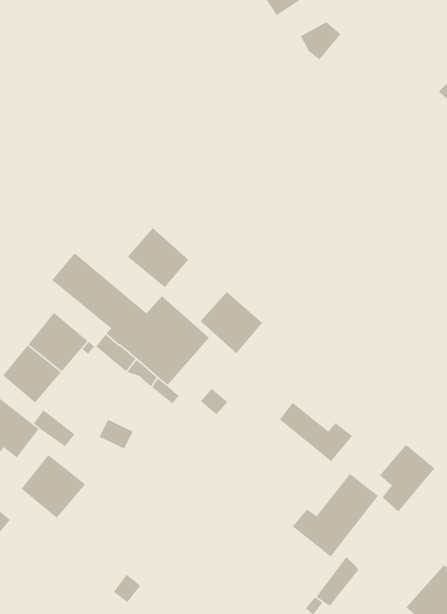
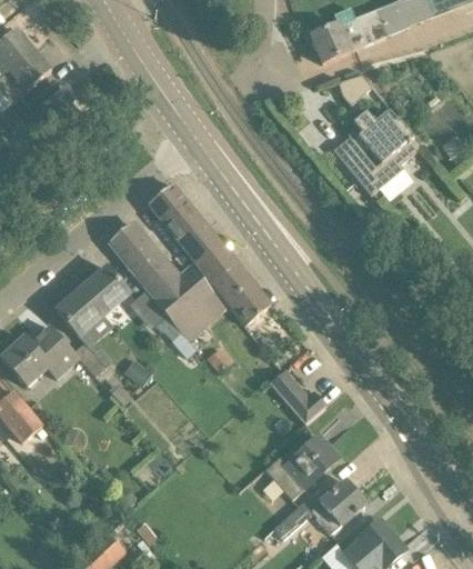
building: none -> [333,109,421,194]
building: none -> [148,182,195,232]
building: none -> [197,243,245,293]
building: [379,444,435,512] -> [319,480,365,533]
building: [20,454,86,519] -> none

